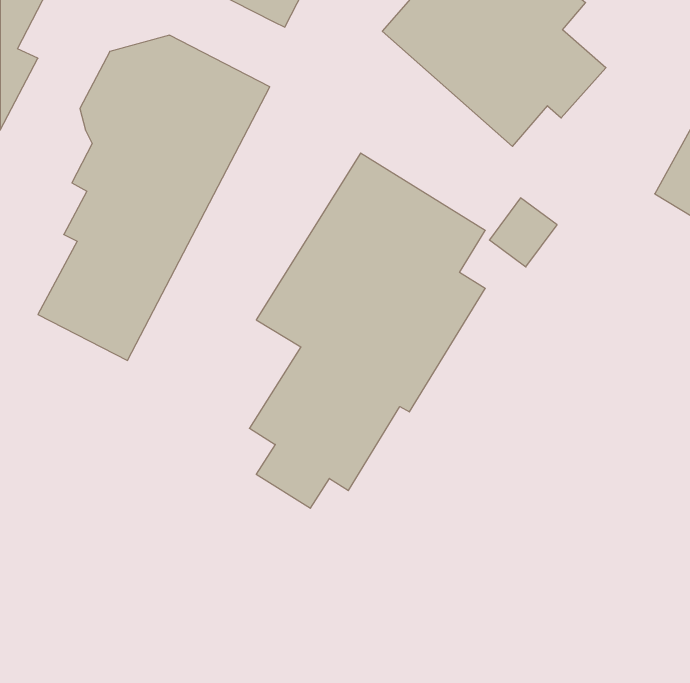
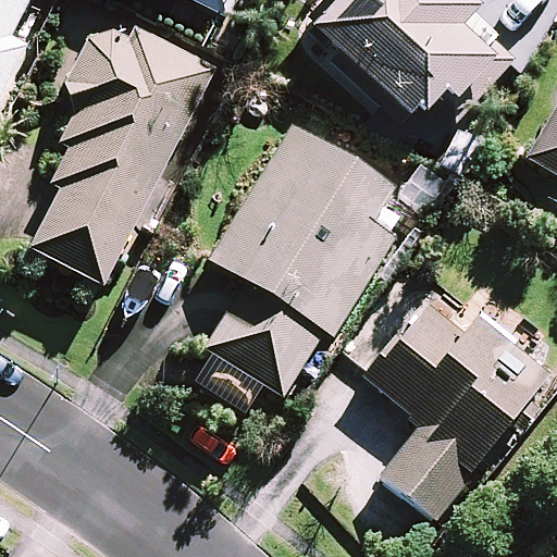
building: none -> [367,296,547,515]

